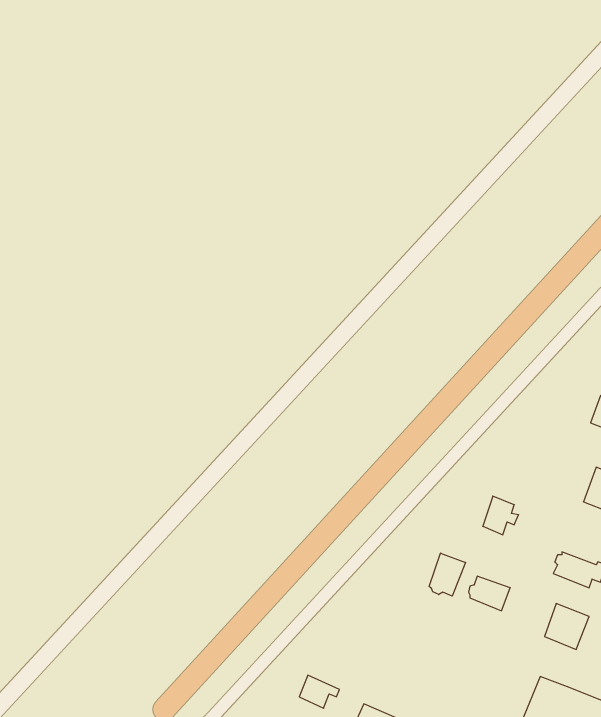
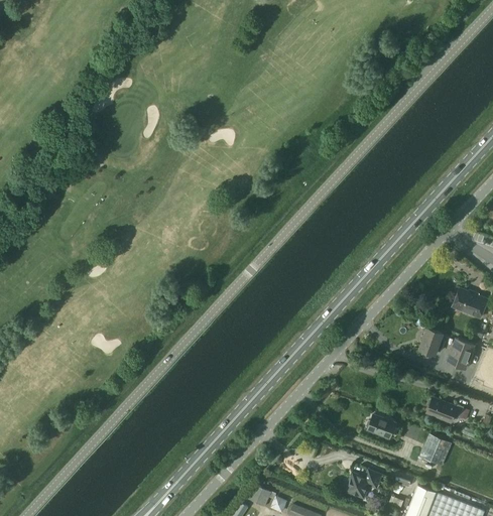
building: [483,496,519,535] -> [420,328,446,355]
building: [429,553,466,596] -> none
building: none -> [344,470,382,498]

